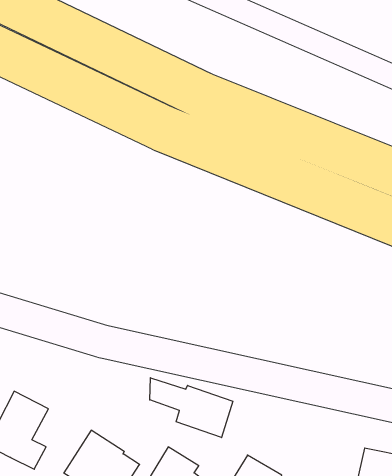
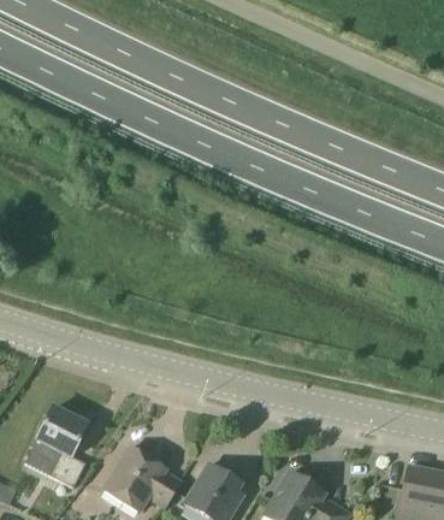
building: [150,378,233,438] -> none

